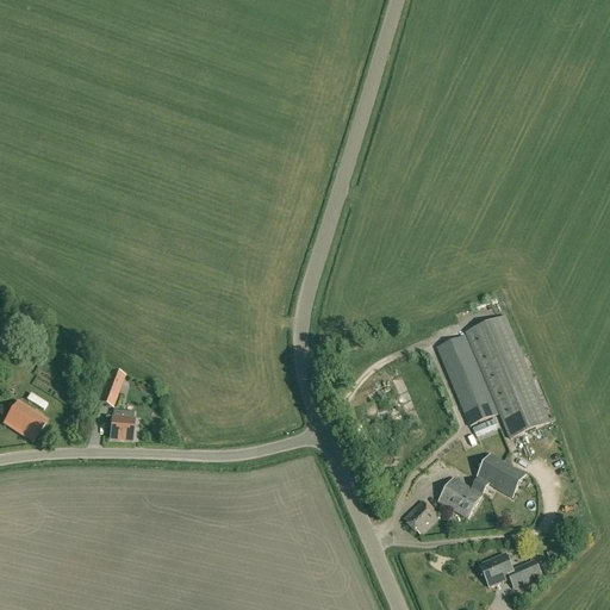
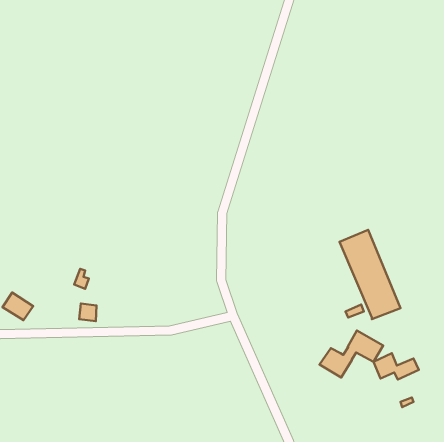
building: [436,334,498,423] -> none
building: [403,499,438,534] -> none
building: [479,552,541,587] -> [373,353,419,379]

